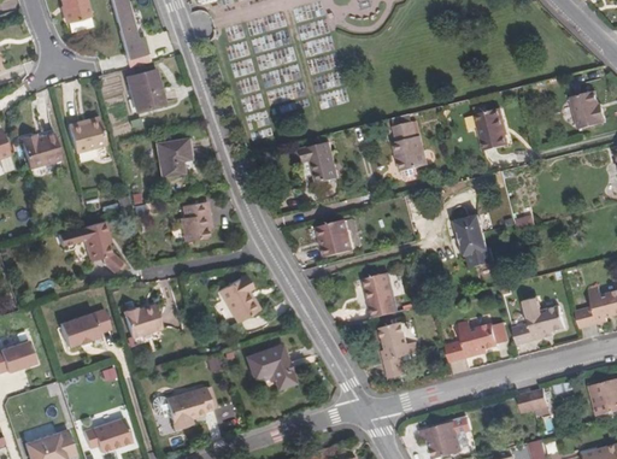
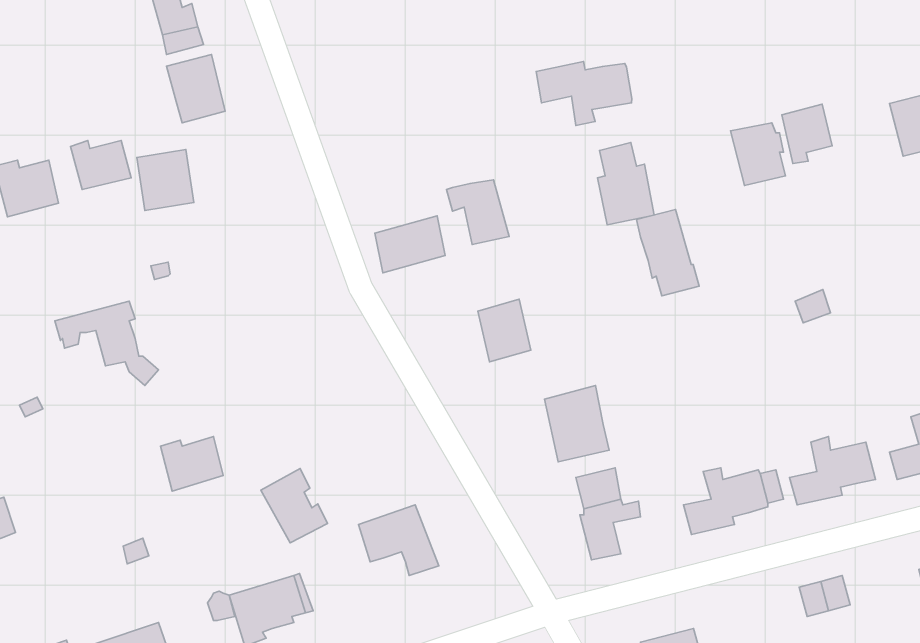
building: none -> [536,62,632,125]
building: none -> [782,104,832,163]
building: [158,139,193,176] -> [137,150,194,210]
building: none -> [375,216,445,273]
building: [181,200,210,239] -> none
building: [456,214,494,267] -> [636,210,699,296]
building: [218,276,259,322] -> [261,469,328,543]
building: [59,307,110,345] -> none

